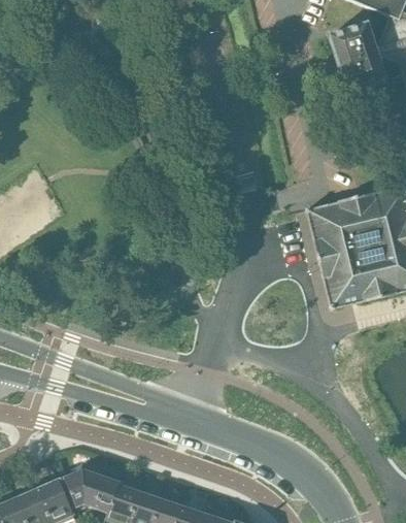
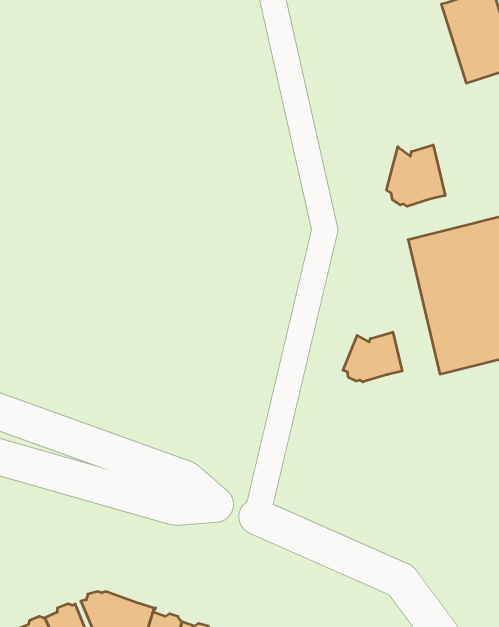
building: none -> [387,145,445,206]
building: none -> [343,332,402,382]

